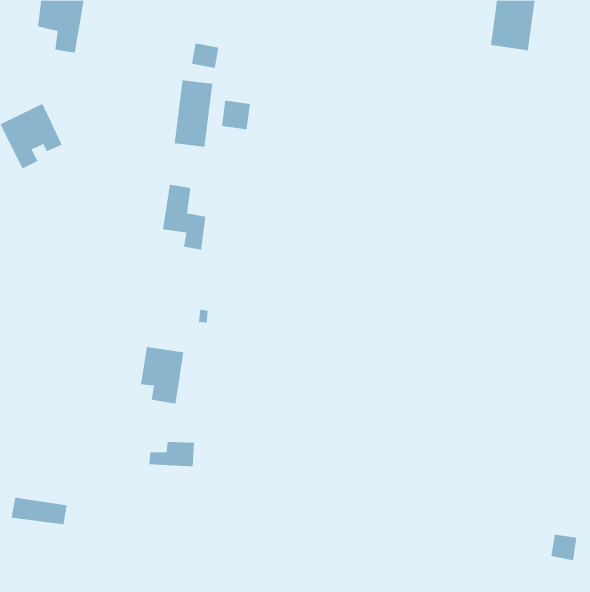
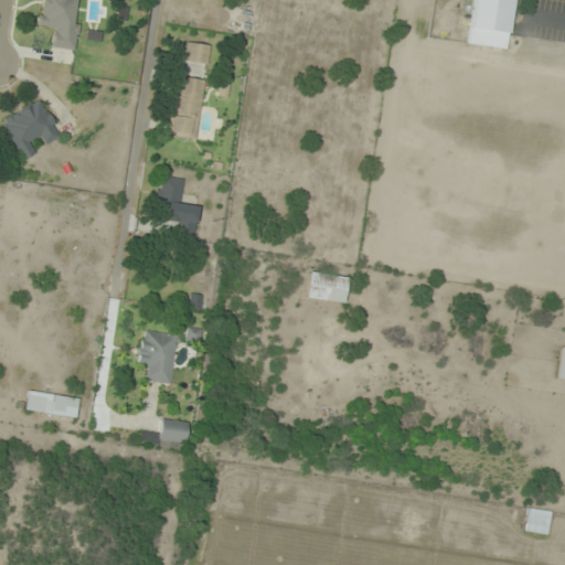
building: [222,100,250,130] -> none
building: none -> [307,274,348,301]
building: [11,497,68,525] -> [25,391,79,417]

